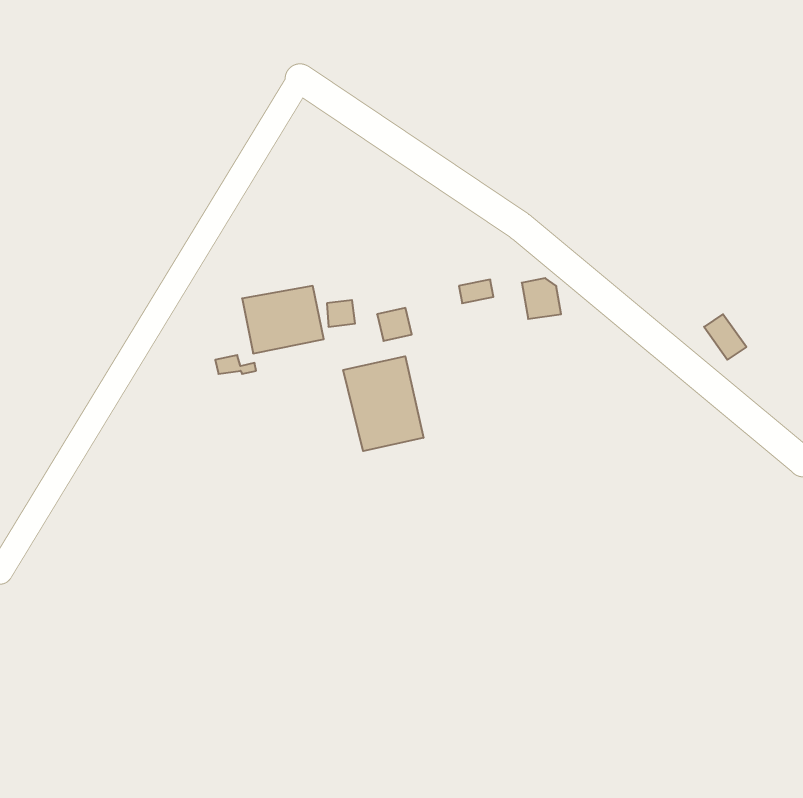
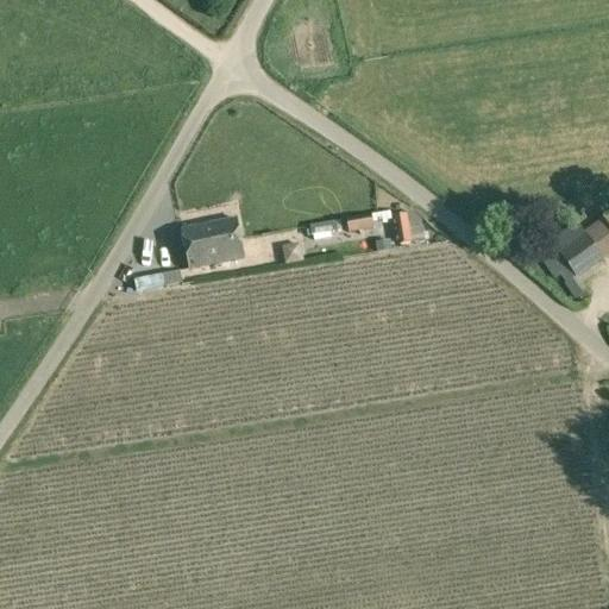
building: none -> [560,232,603,274]
building: [343,356,423,451] -> none

